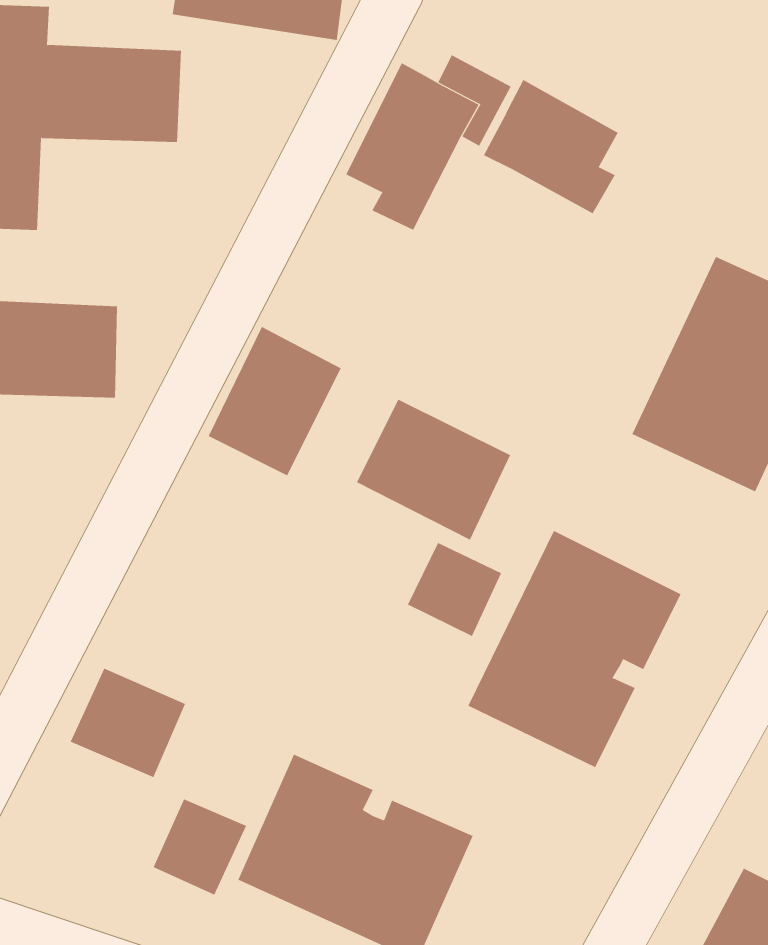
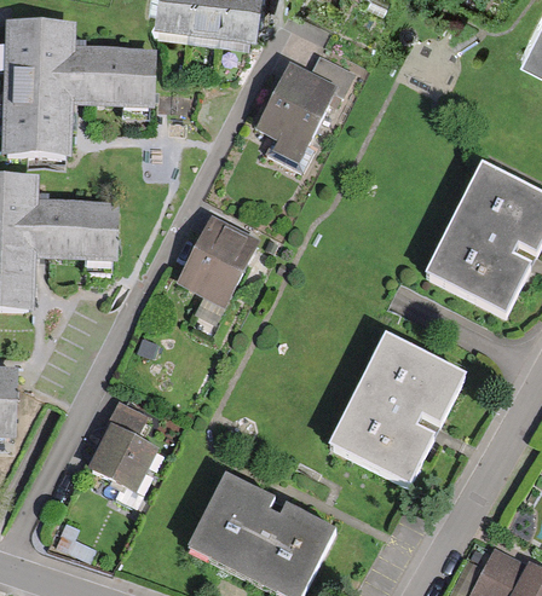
building: [483,79,618,214] -> none
building: [356,399,511,541] -> none
building: [407,542,502,637] -> none
building: [153,799,247,896] -> none

